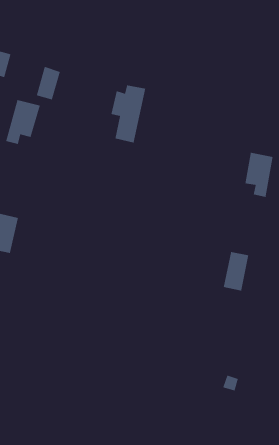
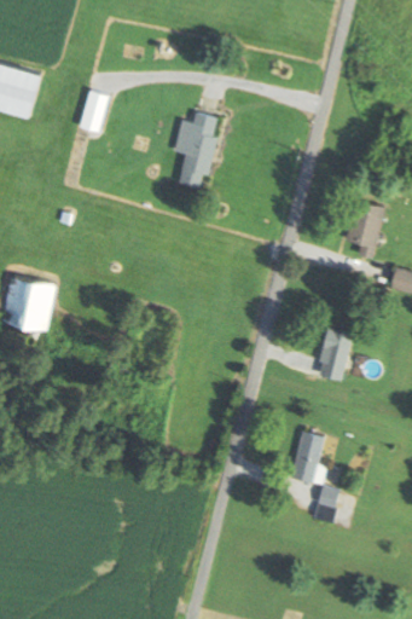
building: [5,99,41,145] -> none
building: none -> [290,433,324,485]

